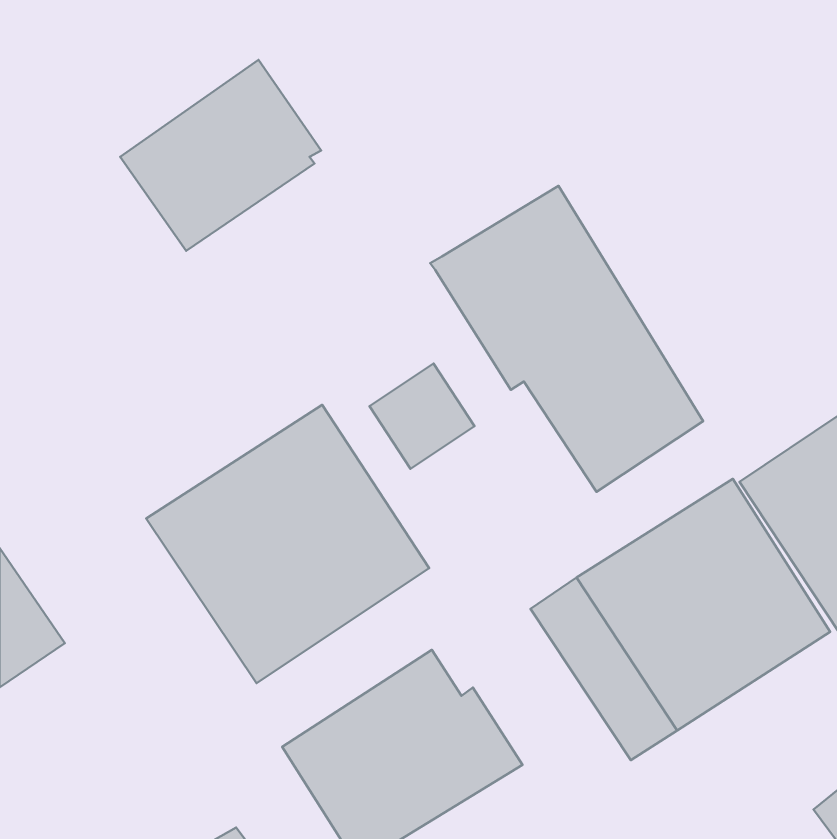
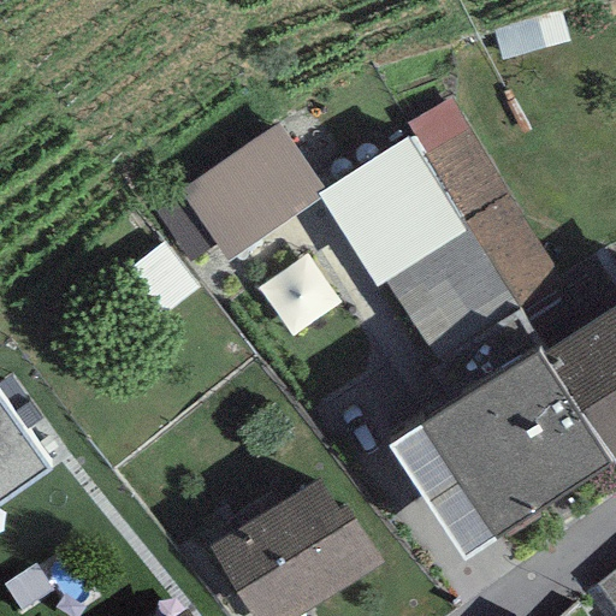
building: [120,60,321,251] -> [177,122,324,261]
building: none -> [407,96,569,313]
building: [146,405,429,683] -> none

